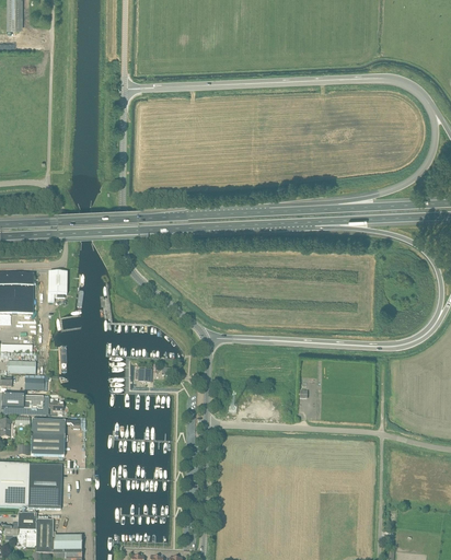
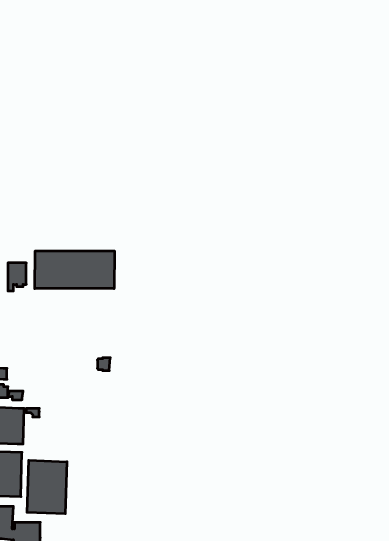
building: none -> [35,251,114,289]
building: none -> [27,460,67,514]

